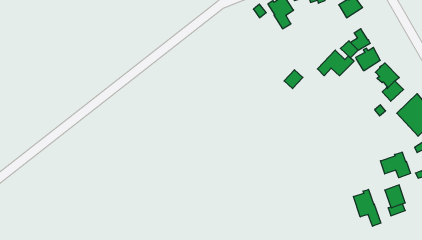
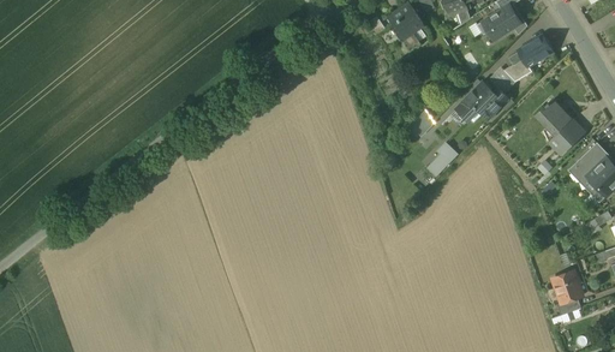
building: [356,47,380,70] -> [517,35,551,67]
building: none -> [426,141,459,177]
building: [380,152,411,178] -> none
building: [353,189,381,226] -> none

